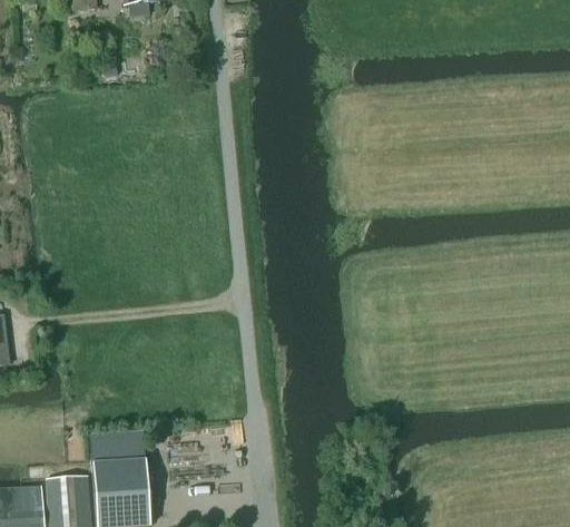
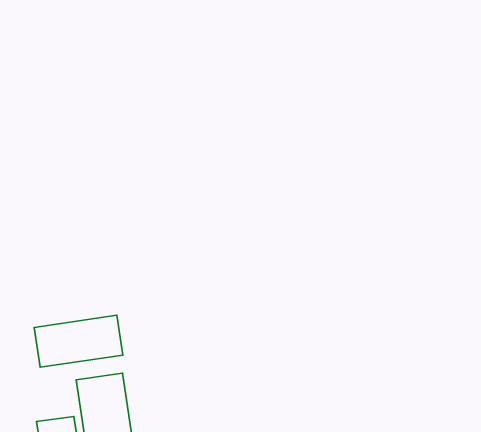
building: none -> [34,315,123,367]

